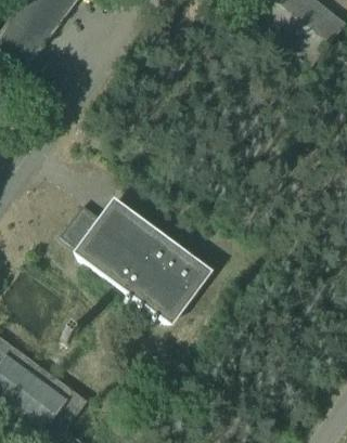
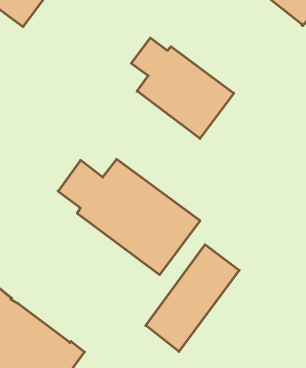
building: none -> [131,38,234,139]
building: none -> [146,245,239,352]

